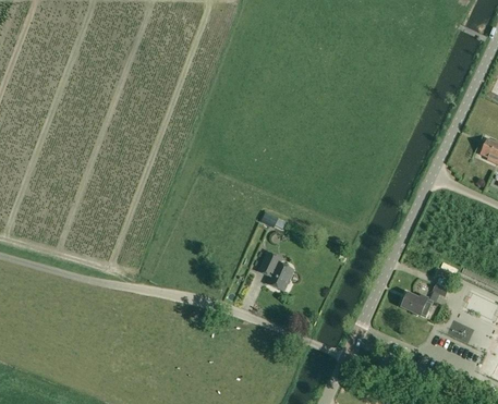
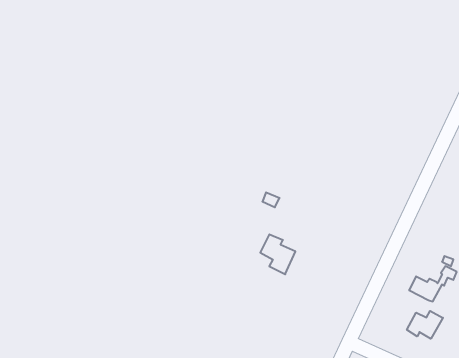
building: none -> [407,311,443,339]

